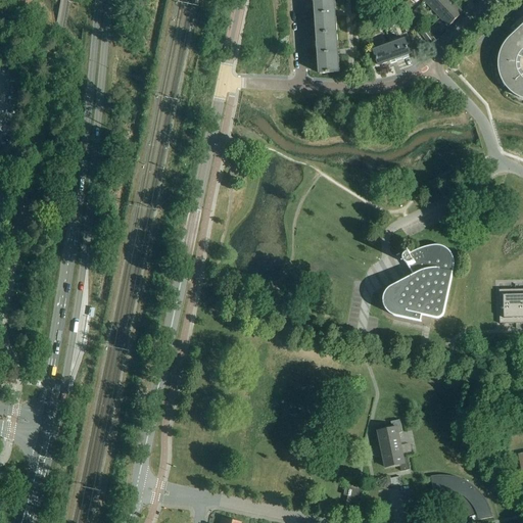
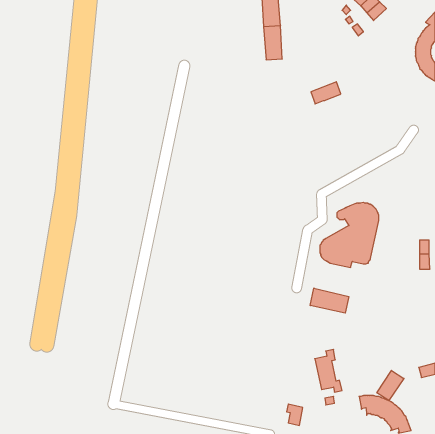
building: [373,37,409,63] -> [311,82,341,104]
building: none -> [310,288,349,313]
building: none -> [377,370,404,401]

